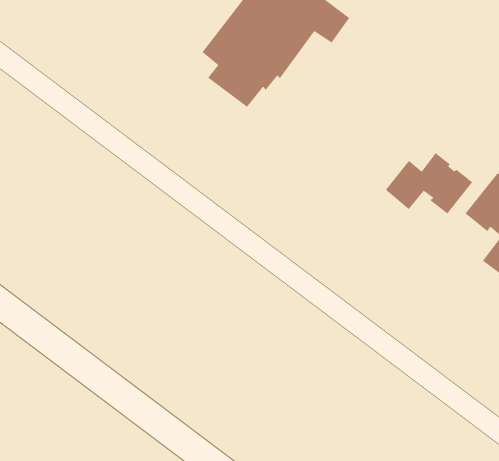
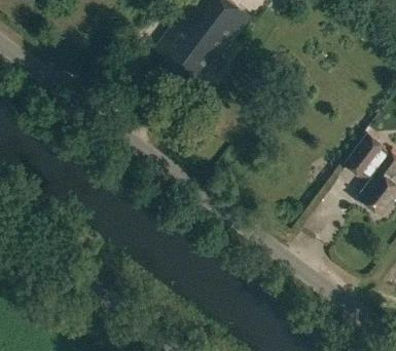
building: [385,152,473,215] -> none

